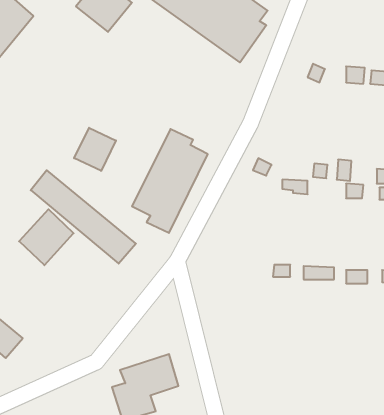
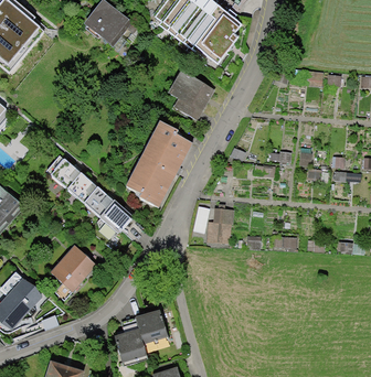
building: none -> [170,72,215,119]
building: [74,128,116,171] -> none
building: [19,209,74,265] -> [50,246,95,292]
building: none -> [208,208,234,244]

